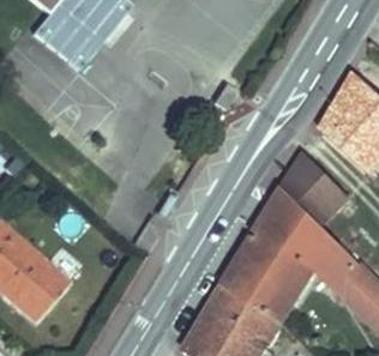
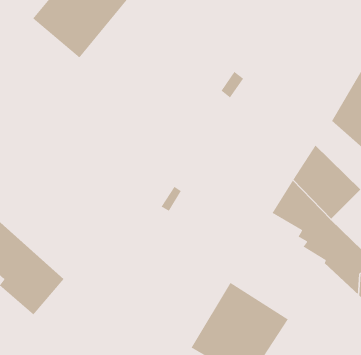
building: [222,217,313,319] -> none

